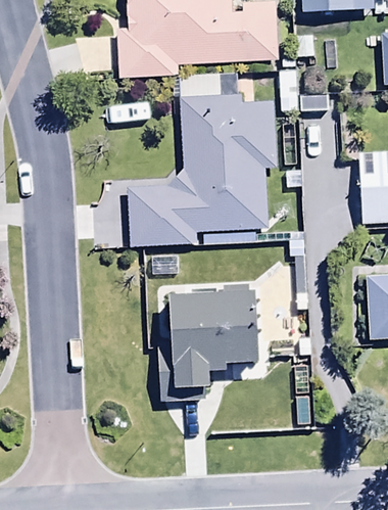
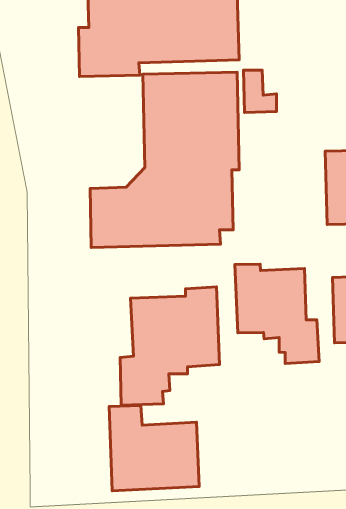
building: none -> [235,264,319,363]
building: none -> [109,405,199,491]

